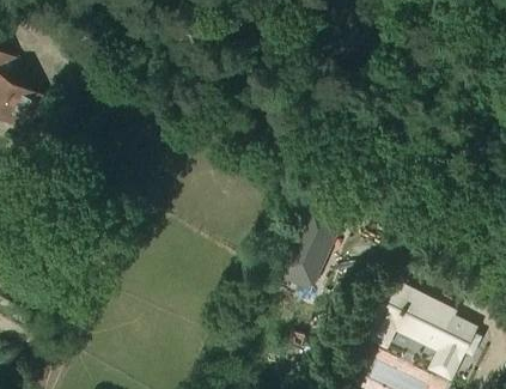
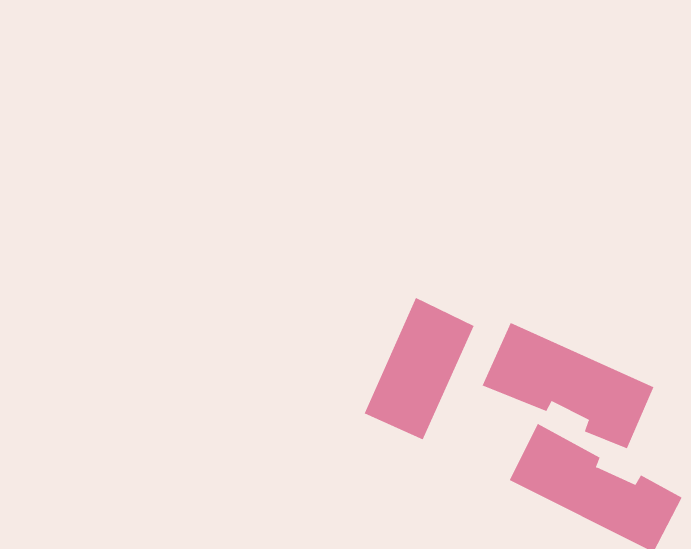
building: none -> [482,322,654,449]

